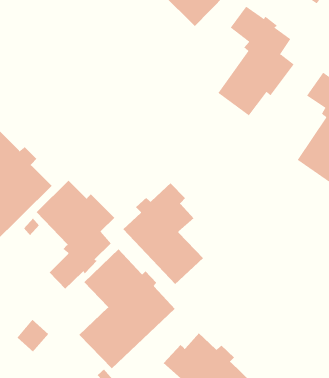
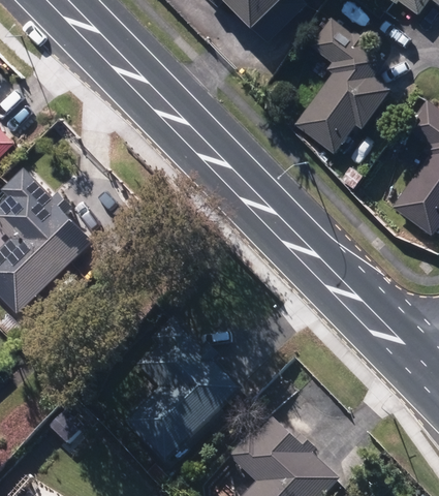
building: [36,180,115,289] -> none
building: [123,182,204,285] -> none

